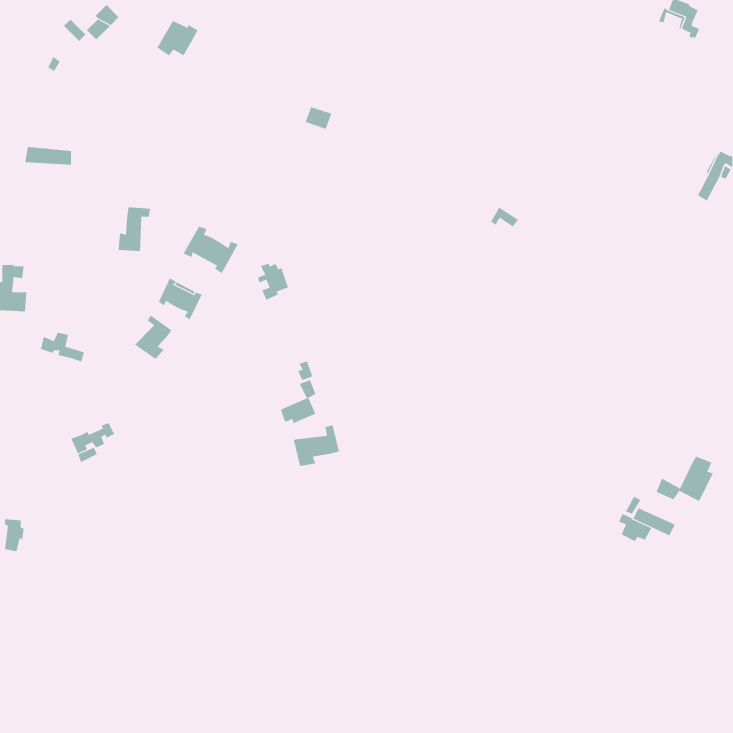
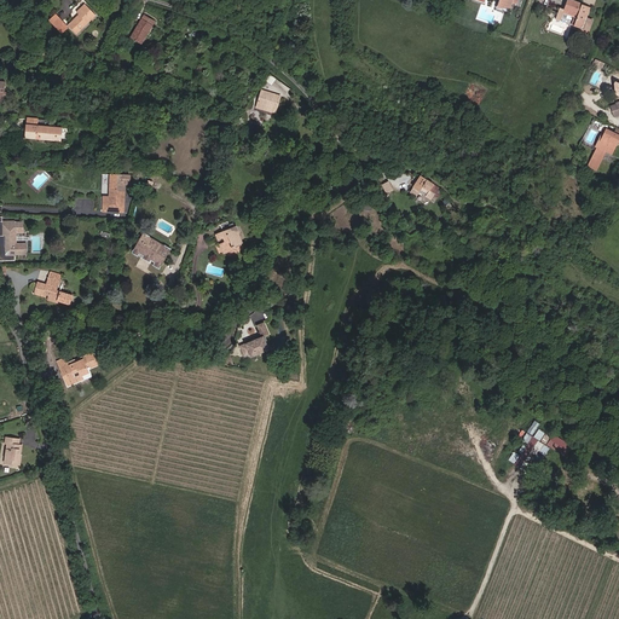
building: [183,226,238,274] -> none
building: [134,315,172,360] -> none
building: [293,424,339,467] -> none
building: [656,456,713,502] -> none

